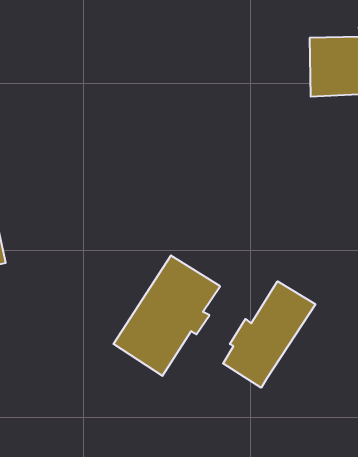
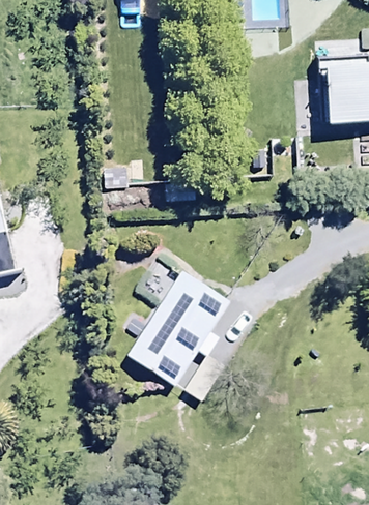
building: [223,281,315,388] -> none

